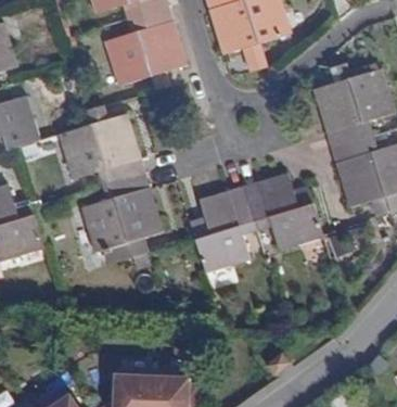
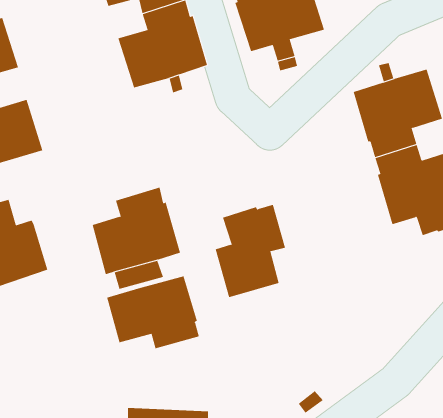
building: [60,106,143,186] -> none
building: [244,174,322,250] -> none
building: none -> [107,275,199,349]

